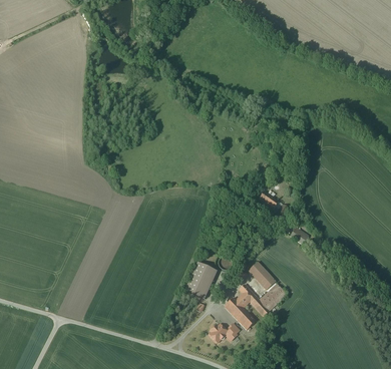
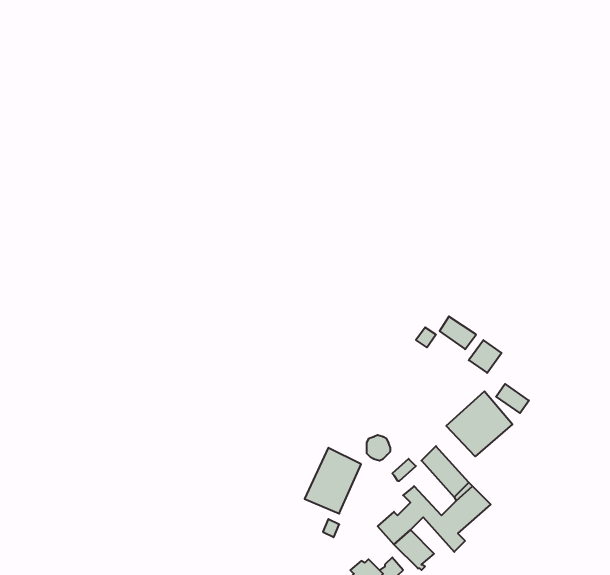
building: none -> [446,391,512,456]

